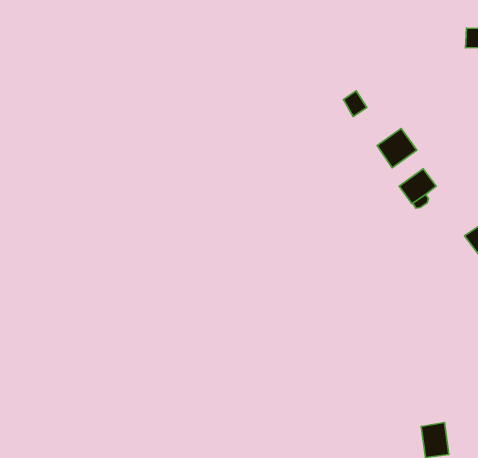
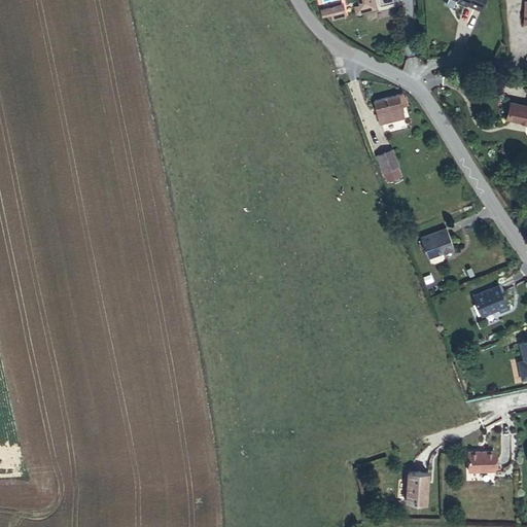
building: none -> [376,93,413,121]
building: [377,128,417,168] -> none

